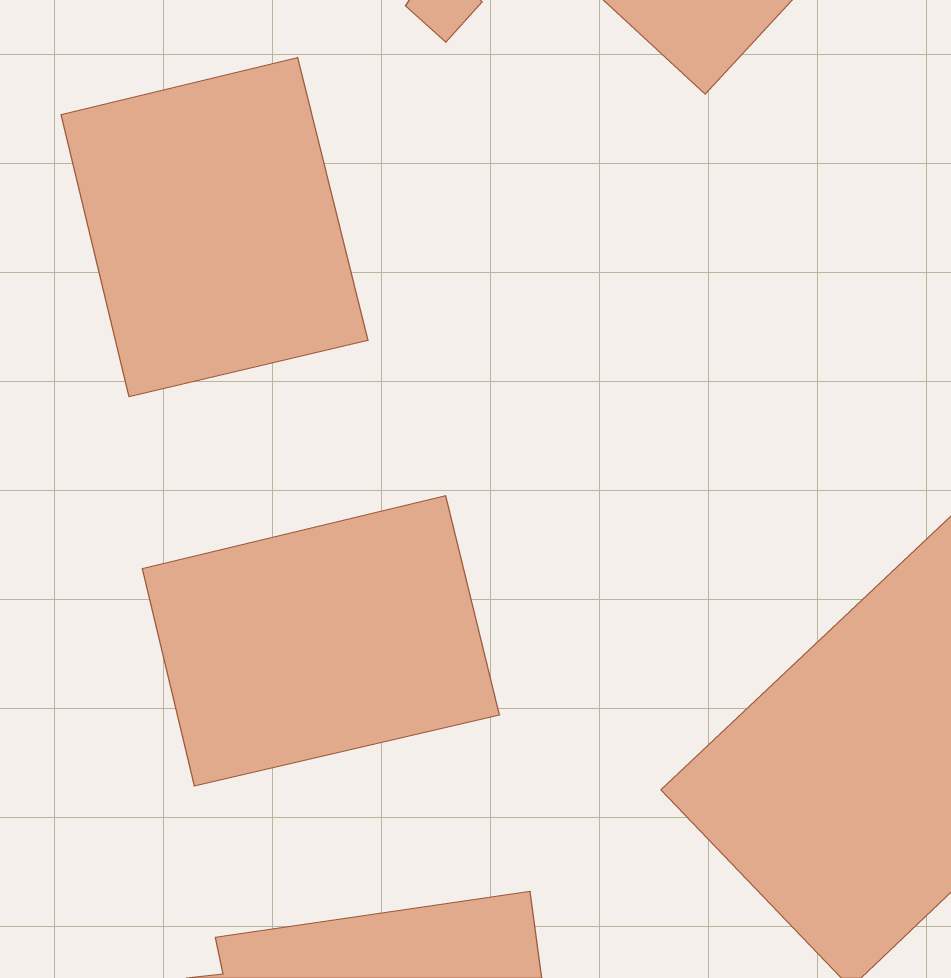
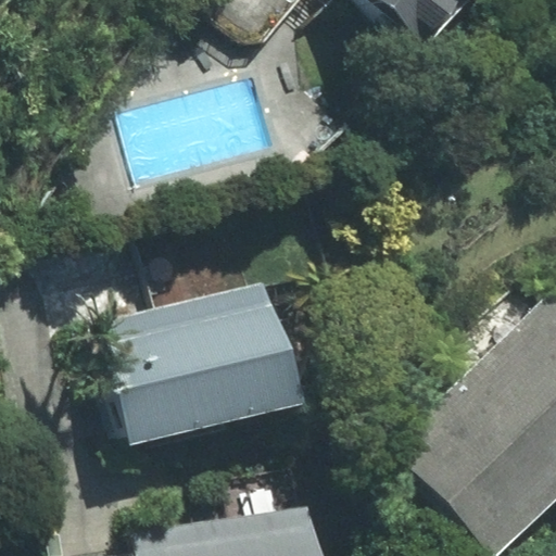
building: [61,57,368,397] -> none

